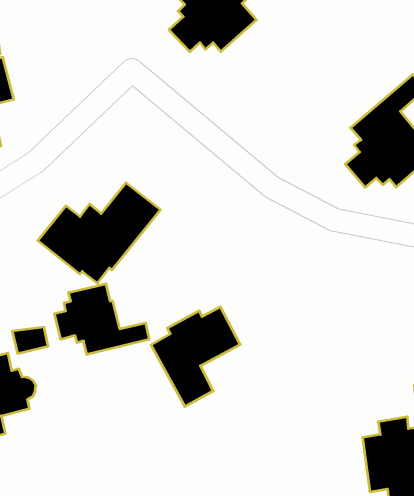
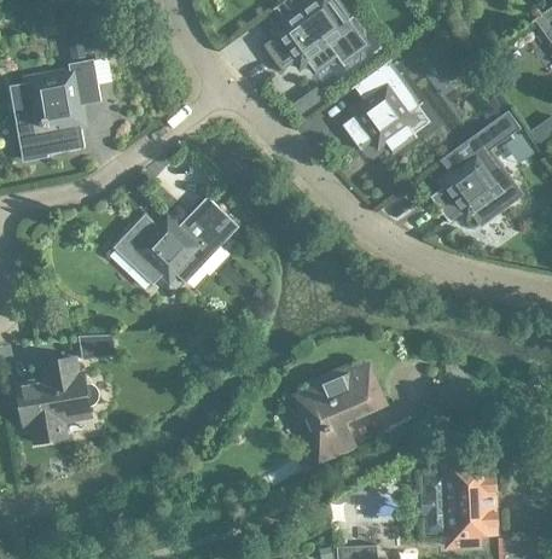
building: none -> [343,59,431,152]
building: [55,284,149,355] -> none
building: [151,307,240,407] -> [294,362,384,460]

